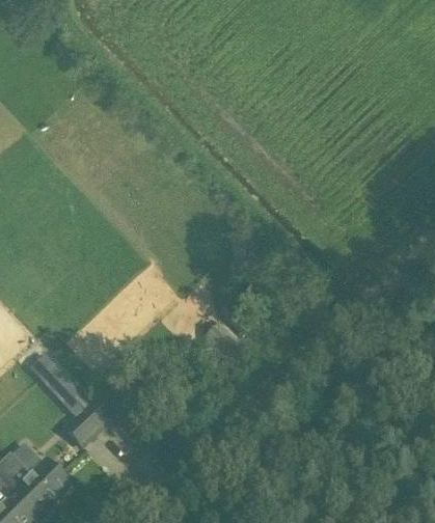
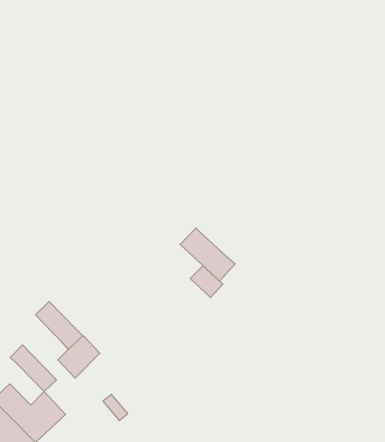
building: none -> [180,228,235,281]
building: none -> [10,345,57,392]

